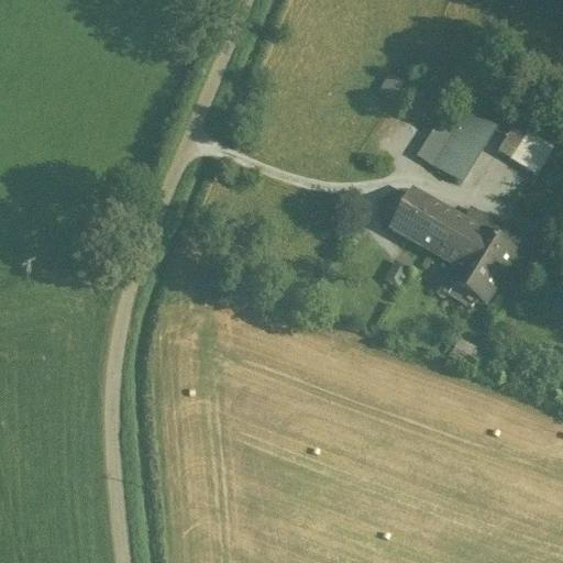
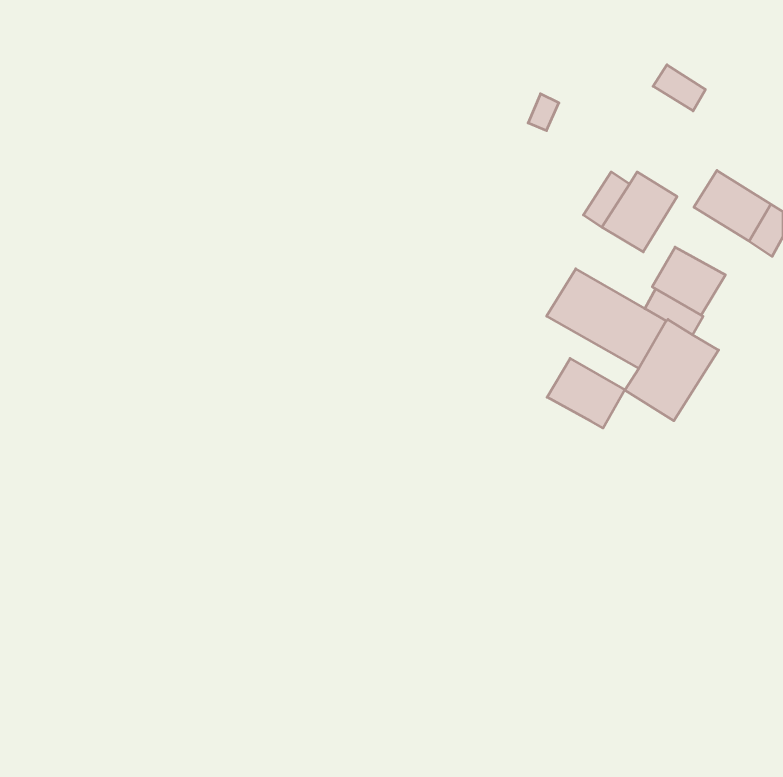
building: [456,108,494,141] -> [653,65,705,111]
building: none -> [652,247,725,315]
building: none -> [547,358,625,428]

